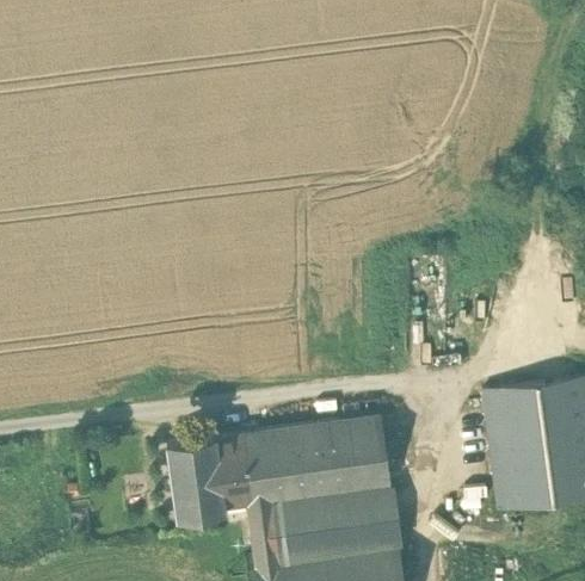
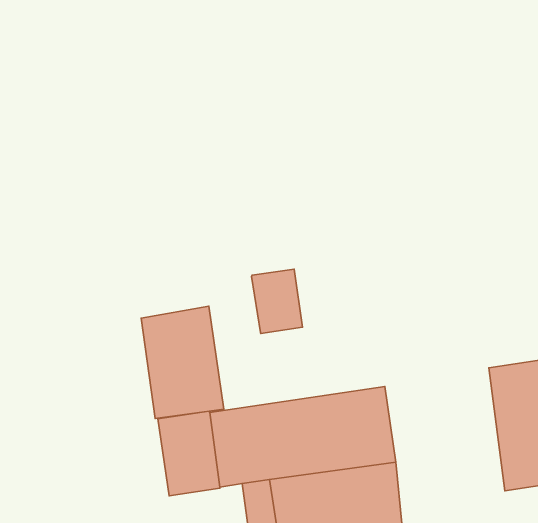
building: none -> [251,269,303,333]
building: none -> [141,306,224,418]

